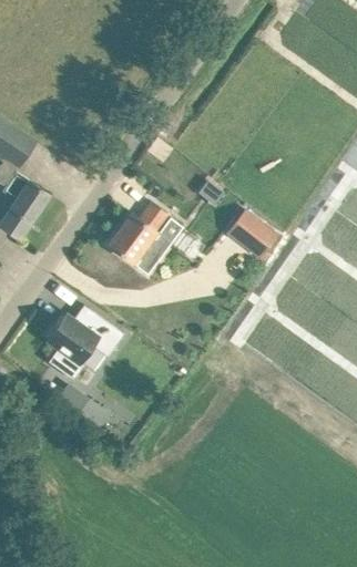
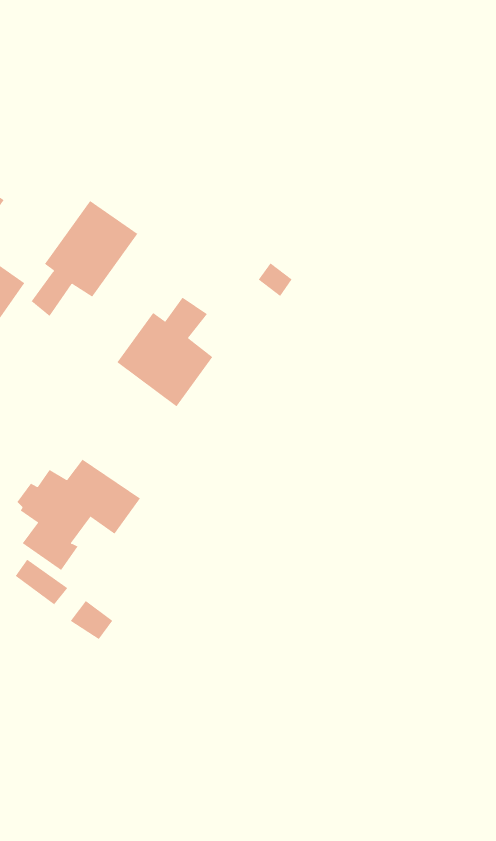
building: none -> [31,200,138,317]
building: [226,210,275,257] -> none

